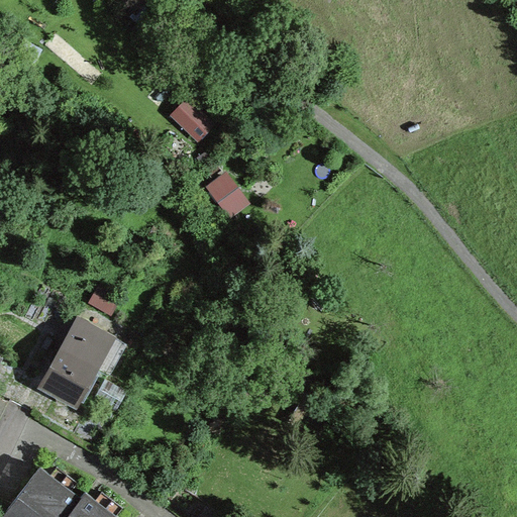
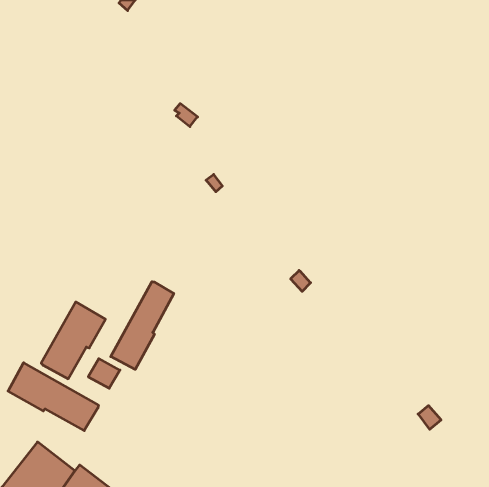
building: none -> [111,282,174,369]
building: none -> [8,363,98,431]

